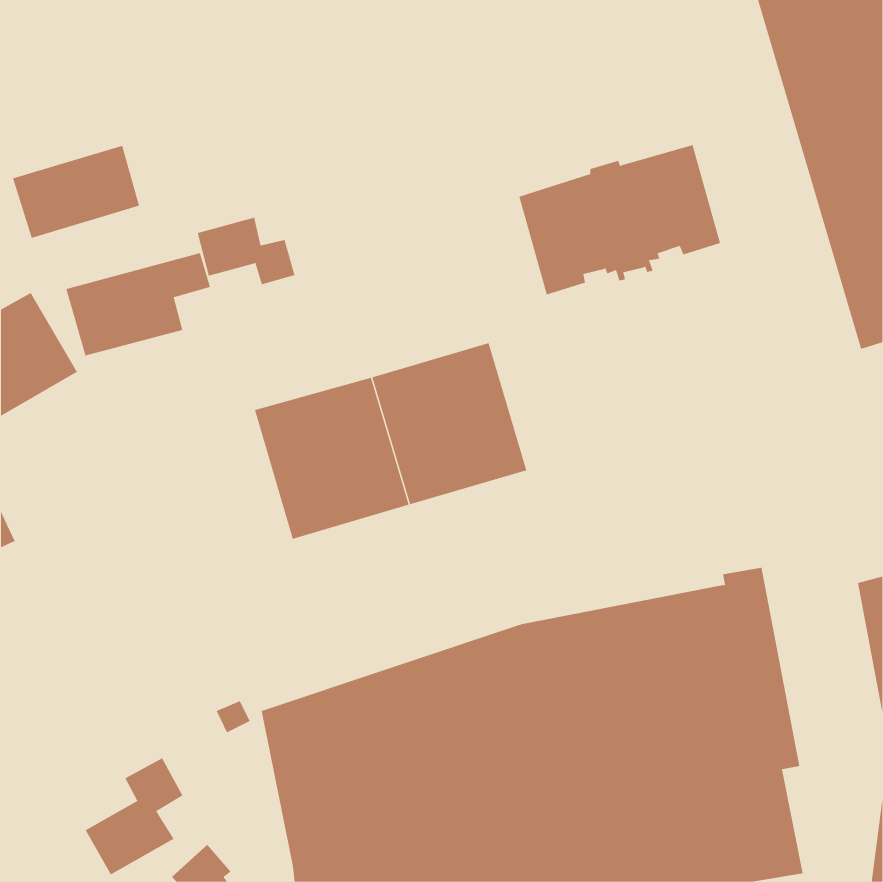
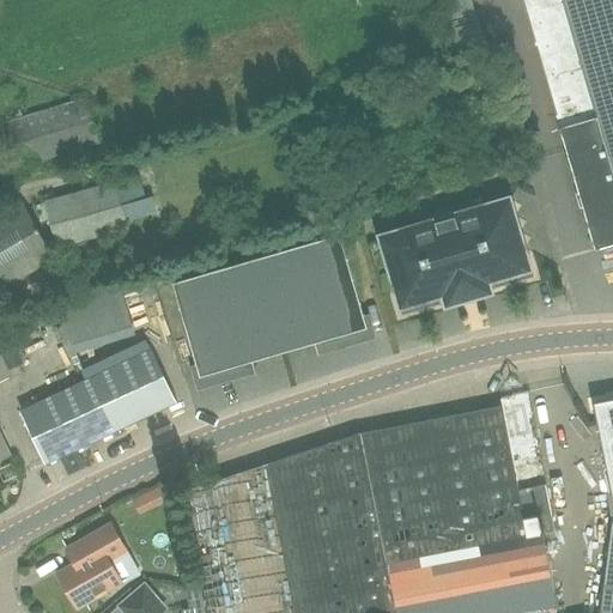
building: [519,145,721,295] -> [388,208,528,312]
building: [197,217,295,285] -> none
building: none -> [22,351,176,463]

